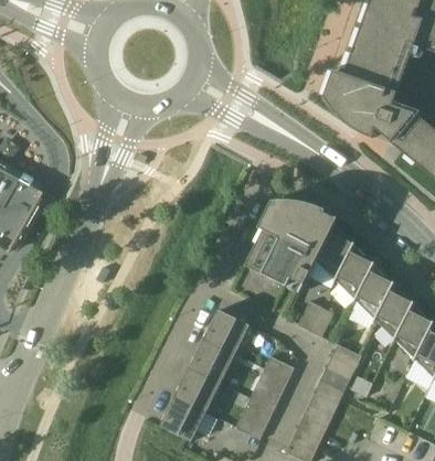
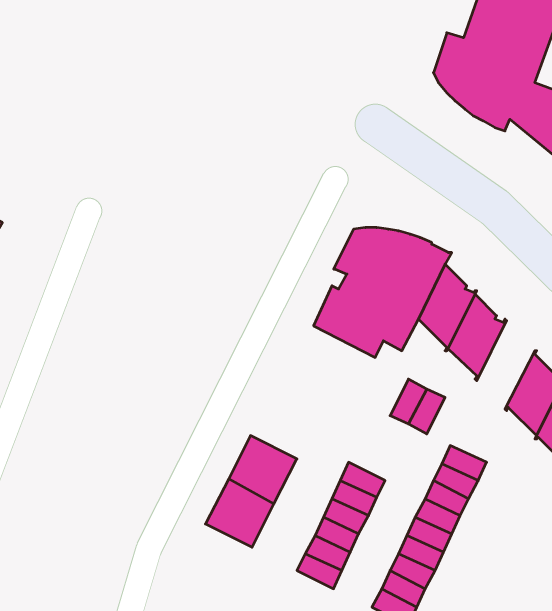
building: [356,264,393,320] -> none
building: [204,309,250,353] -> none
building: [160,396,205,440] -> none

